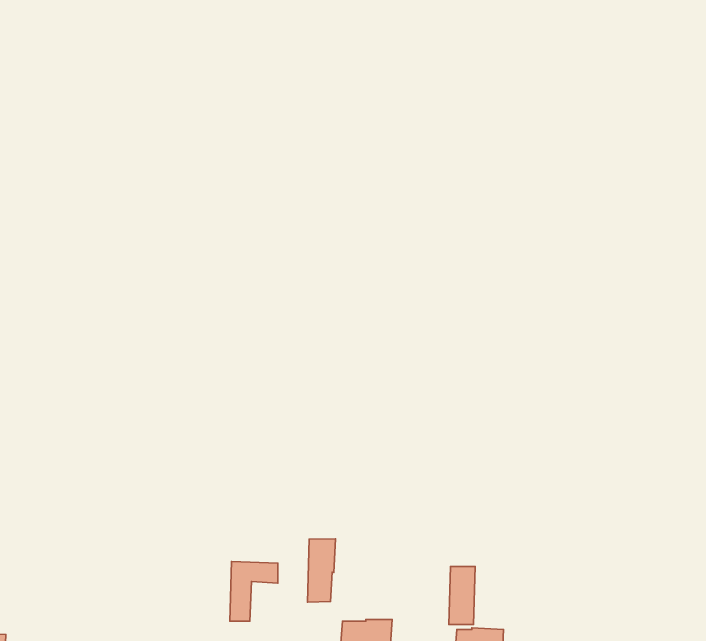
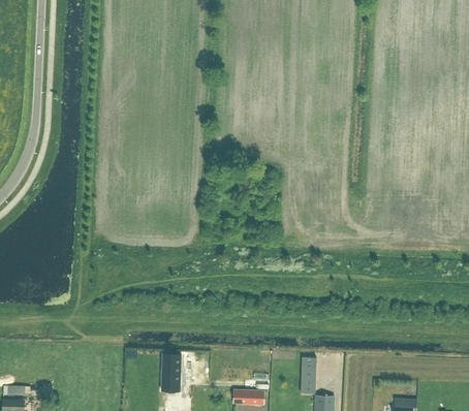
building: [307,539,336,602] -> none

